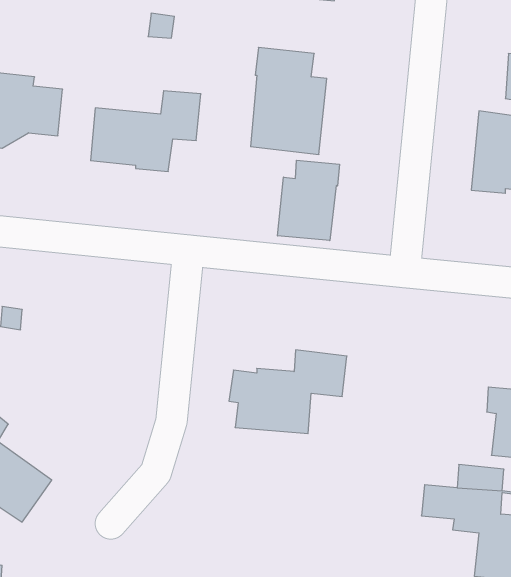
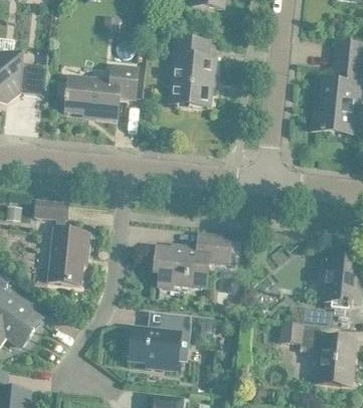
building: [278,160,339,241] -> none
building: none -> [35,200,89,284]
building: none -> [130,313,191,369]

